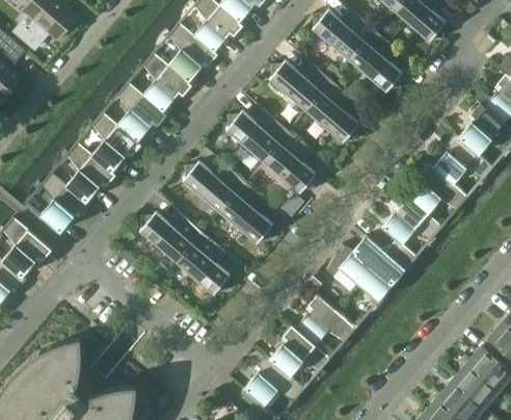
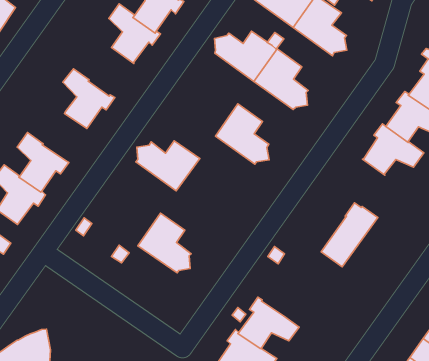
building: [141,52,191,112] -> none
building: [90,111,140,172] -> none
building: [225,111,288,161] -> none
building: [219,182,272,243] -> none
building: [380,192,441,244] -> none
building: [139,212,201,263] -> none
building: [326,235,385,285] -> none
building: [294,294,355,345] -> none

